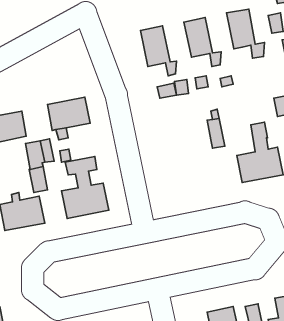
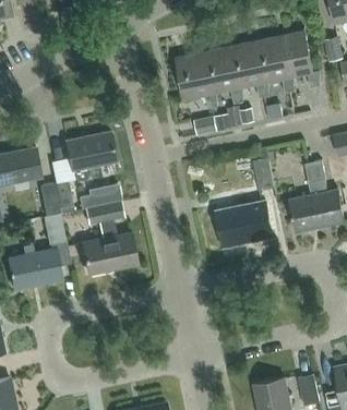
building: none -> [251,33,295,91]
building: none -> [201,44,244,101]
building: none -> [215,196,273,249]

